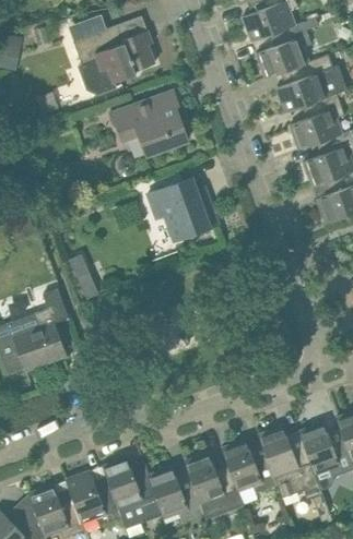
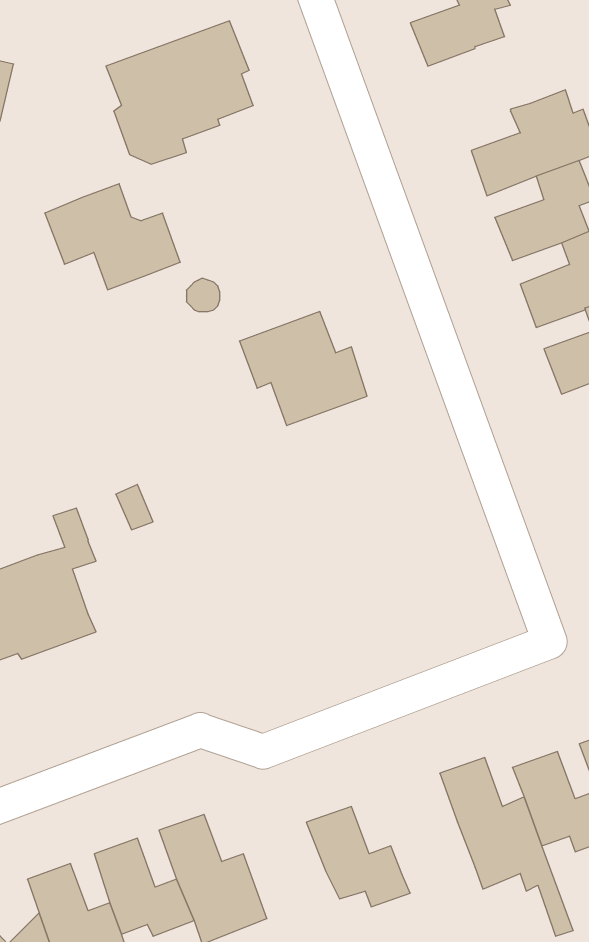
building: [256,22,310,79] -> none
building: [111,97,187,156] -> [45,184,180,290]
building: [221,439,278,495] -> none
building: [148,466,205,522] -> none

